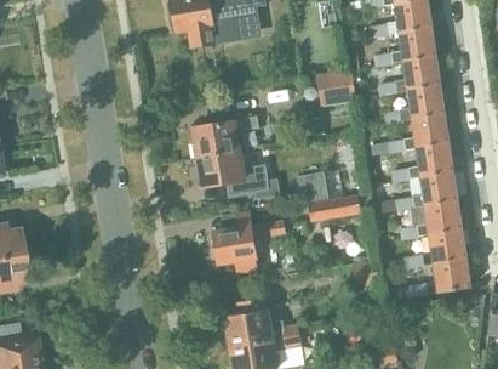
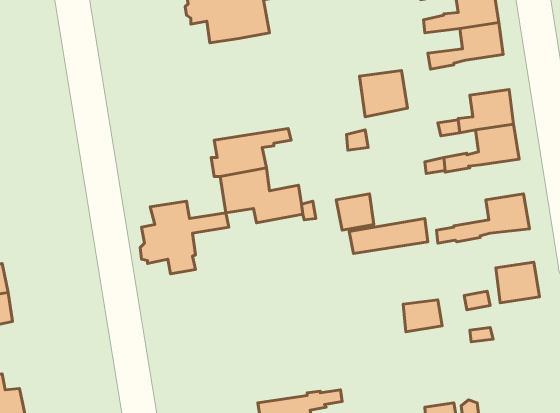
building: [378,56,441,96] -> none
building: [374,143,453,185] -> none
building: [400,201,462,240] -> none
building: [212,211,286,272] -> [140,201,229,274]
building: [434,259,471,293] -> none
building: [227,299,300,347] -> none

